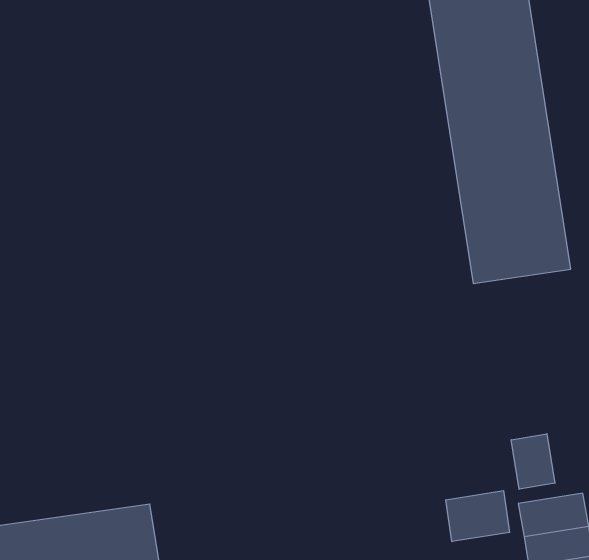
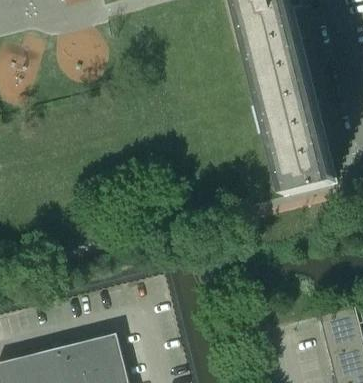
building: [511,434,555,489] -> none
building: [446,491,510,542] -> none

